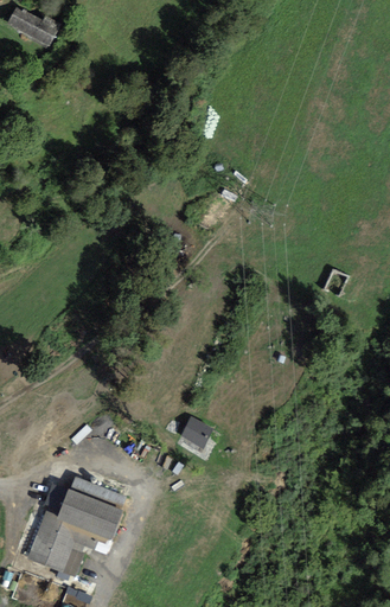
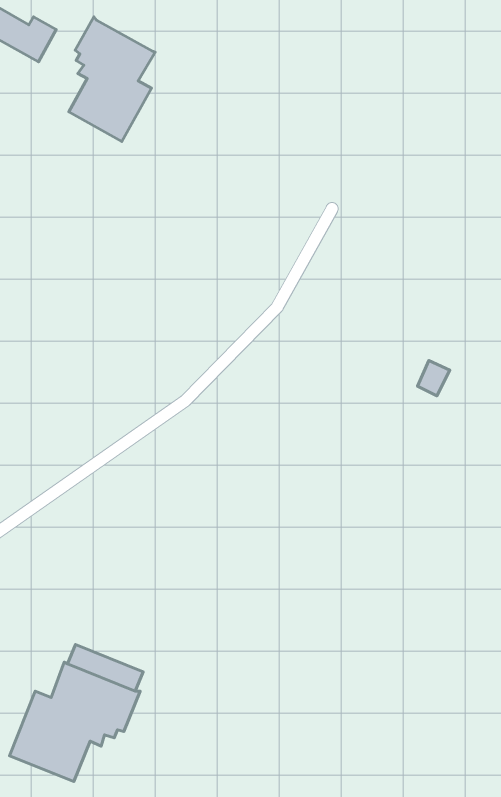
building: none -> [69,17,155,141]
building: [179,416,212,448] -> none

